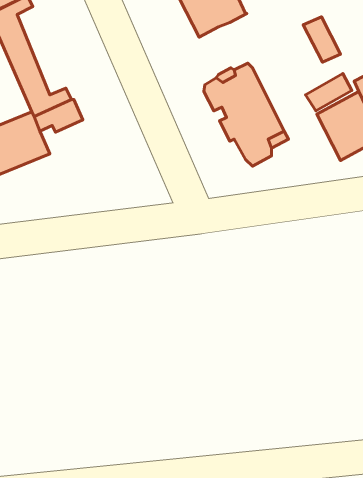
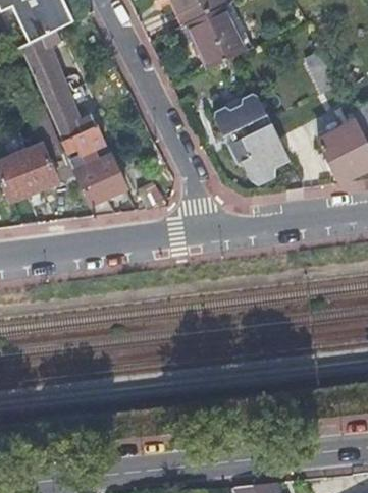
building: none -> [68,154,126,215]

